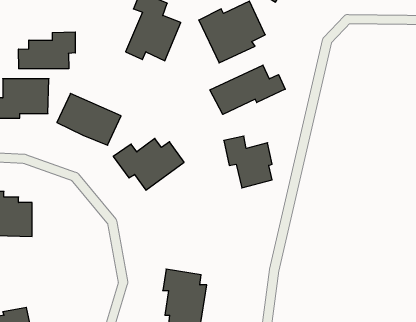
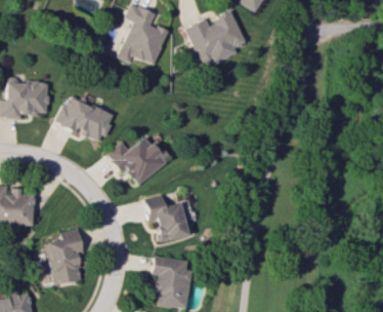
building: [19,32,75,69] -> none
building: [210,65,285,114] -> none
building: [224,136,272,188] -> [143,195,187,242]
building: none -> [46,229,83,284]

